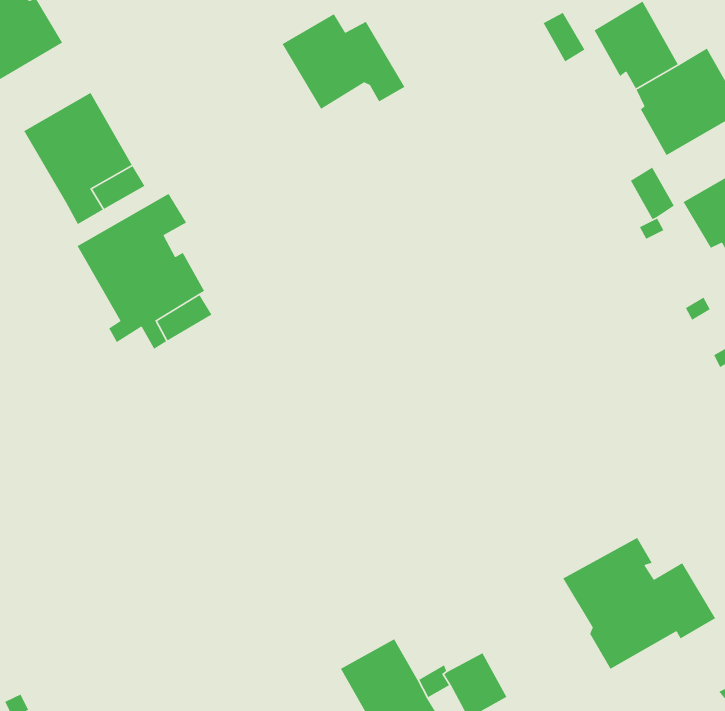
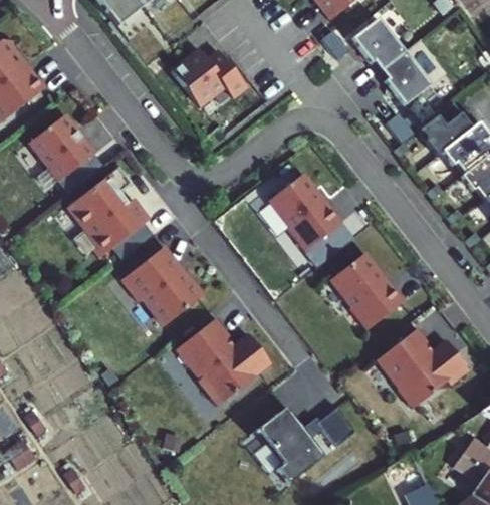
building: none -> [270,174,341,250]
building: none -> [120,247,205,325]
building: none -> [331,253,404,329]
building: none -> [177,316,271,405]

